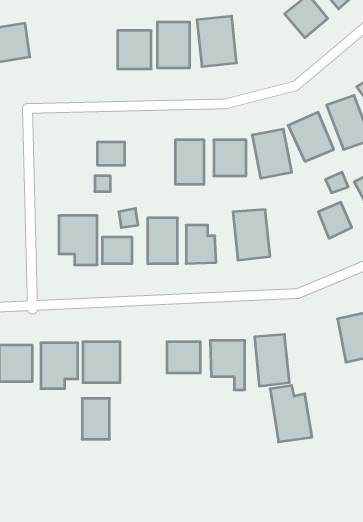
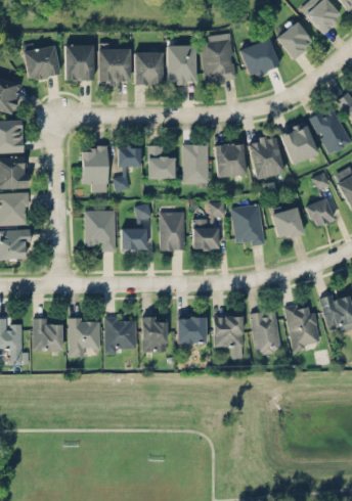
building: none -> [240,39,279,78]
building: none -> [65,45,93,80]
building: none -> [97,48,129,85]
building: none -> [148,145,174,178]
building: none -> [82,146,107,191]
building: none -> [270,207,304,241]
building: [270,385,312,442] -> [285,303,321,351]
building: [82,398,110,439] -> [141,317,165,352]

